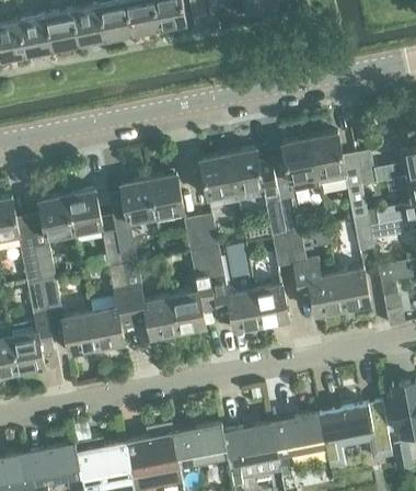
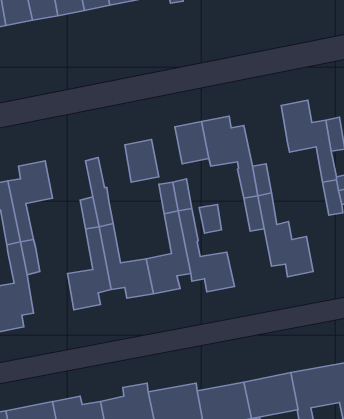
building: [281,139,316,183] -> none
building: [120,180,155,224] -> none
building: [67,191,103,235] -> none
building: [336,269,370,310] -> none
building: [254,285,289,326] -> none
building: [62,312,96,354] -> none

